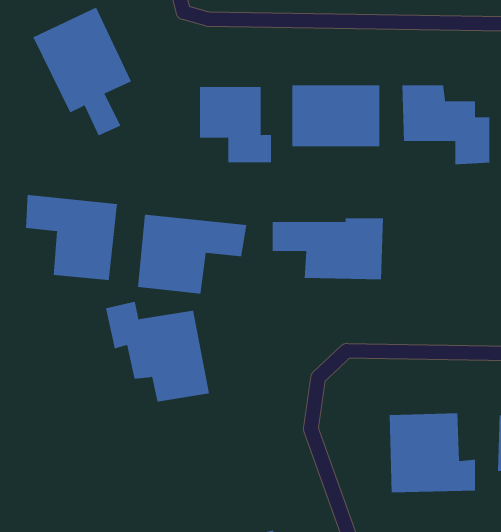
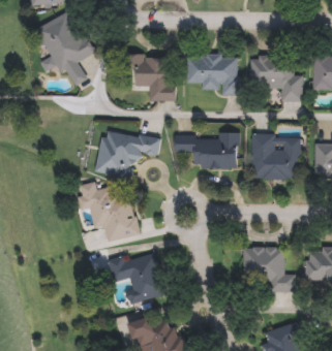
building: [26,194,118,281] -> none
building: none -> [251,134,300,179]
building: none -> [107,252,168,302]

